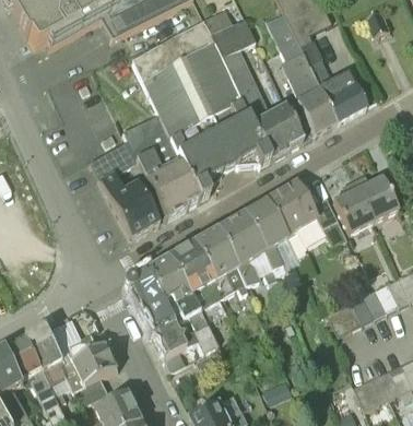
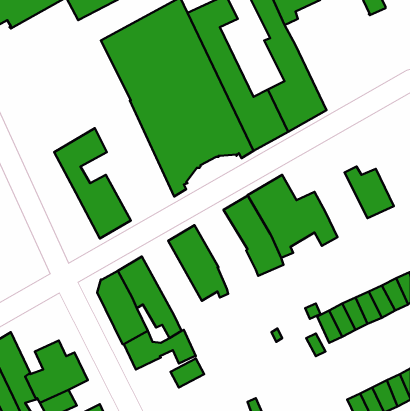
building: [307,58,365,122] -> none
building: [121,114,197,220] -> none
building: [331,179,373,233] -> none
building: [215,212,274,285] -> none
building: [167,241,222,309] -> none

